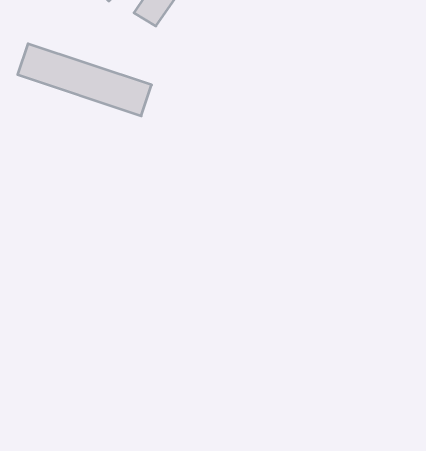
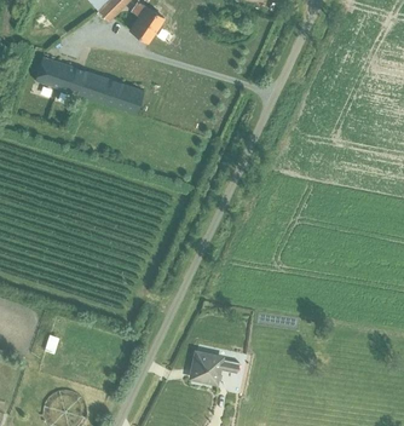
building: none -> [194,356,239,382]

